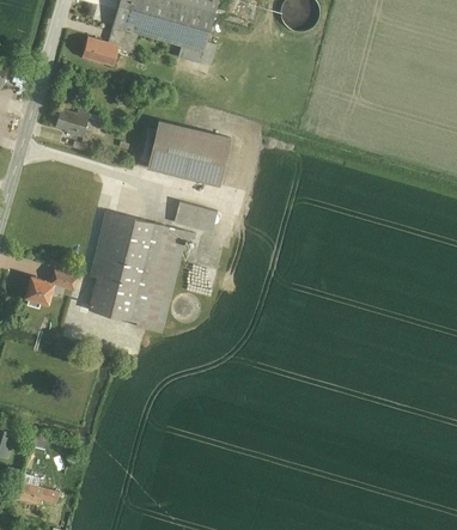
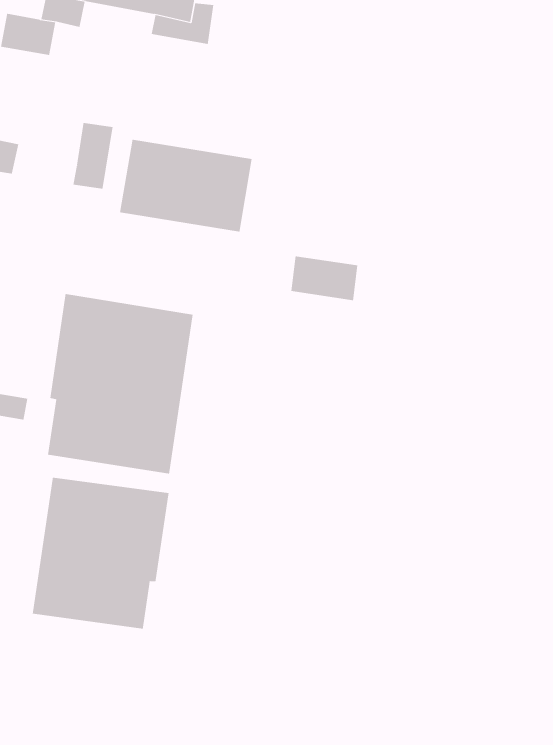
building: none -> [73,122,113,190]
building: [173,201,217,232] -> [290,256,358,301]
building: none -> [32,477,169,629]

